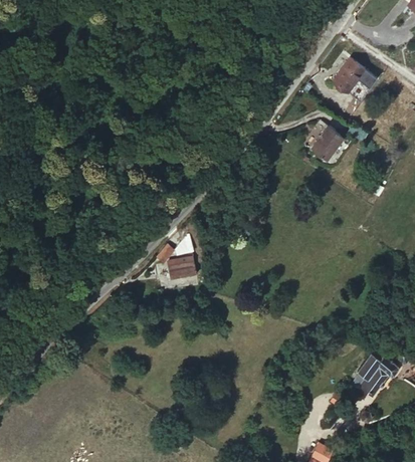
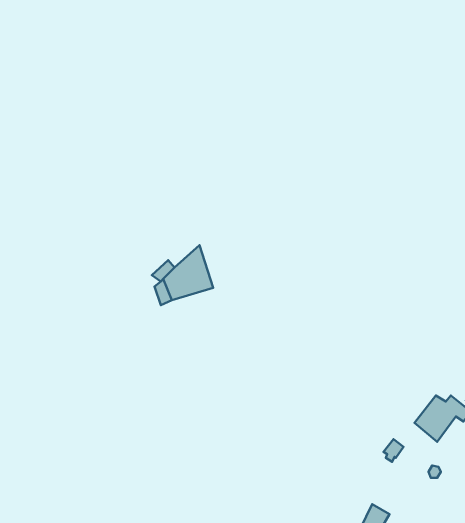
building: [335,57,367,91] -> none
building: [308,126,344,161] -> none

